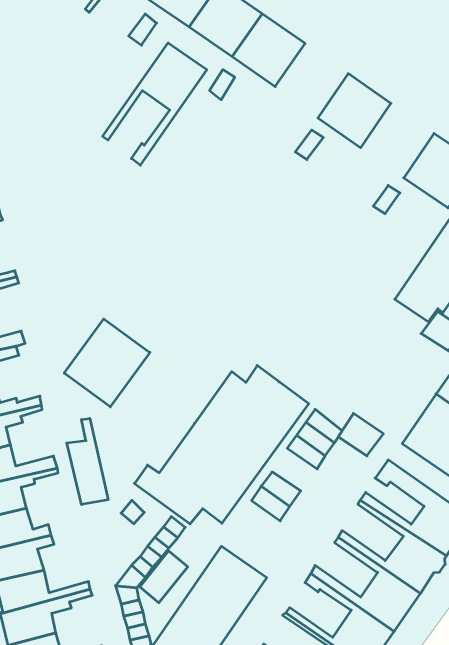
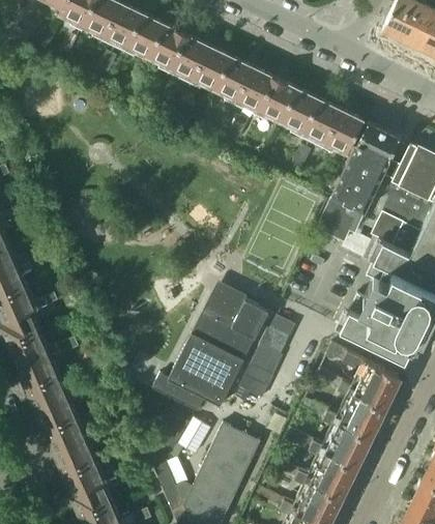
building: [103,43,207,165] -> none
building: none -> [208,55,259,107]
building: none -> [277,88,327,140]
building: [64,319,150,407] -> none
building: [338,413,383,456] -> [250,347,282,376]
building: [67,418,108,505] -> none

